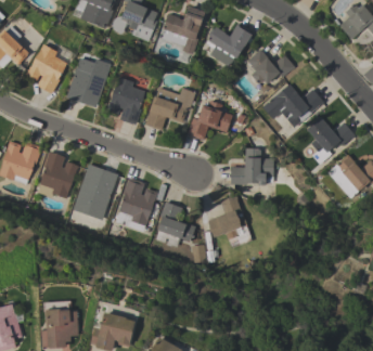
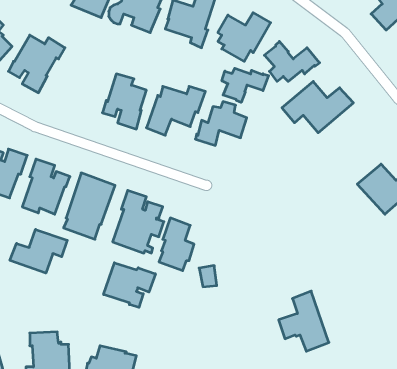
building: [66,58,110,107] -> none
building: none -> [222,68,269,102]
building: [307,117,356,165] -> none
building: [231,148,273,185] -> none
building: [208,195,252,247] -> [279,291,329,351]
building: none -> [10,229,67,273]
building: none -> [104,263,155,307]

